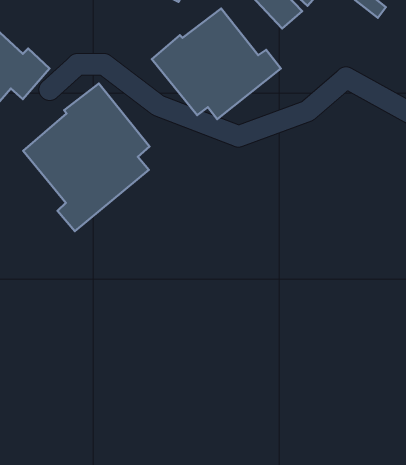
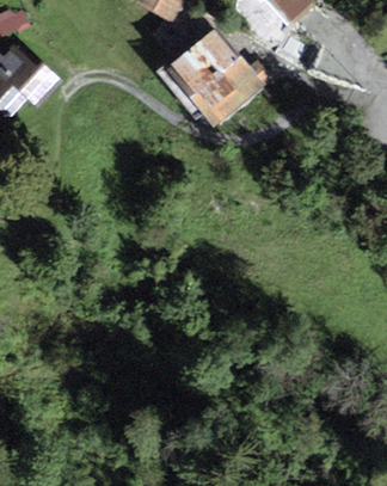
building: [23,84,150,231] -> none

